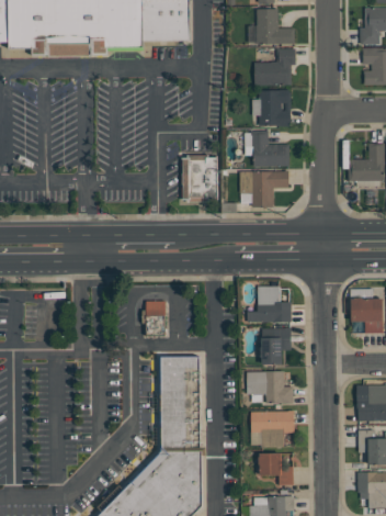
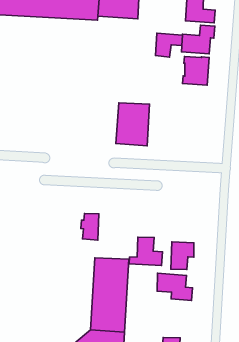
building: none -> [155,33,183,57]
building: [251,128,288,165] -> none
building: [239,169,288,205] -> none
building: [248,285,290,322] -> [129,237,162,265]
building: [249,412,293,446] -> none

